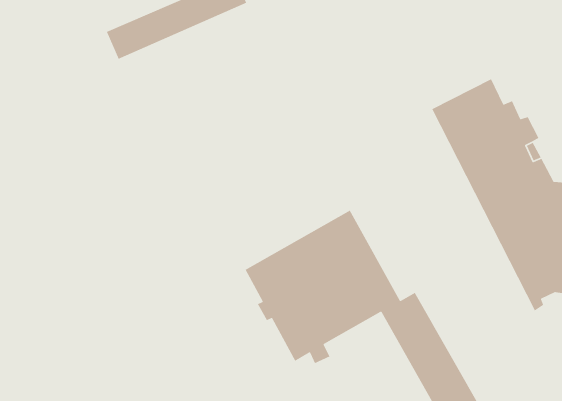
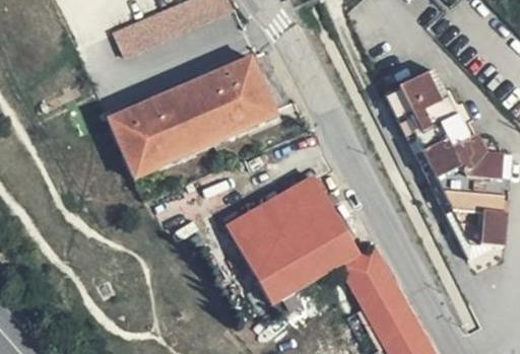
building: none -> [111,57,275,171]

